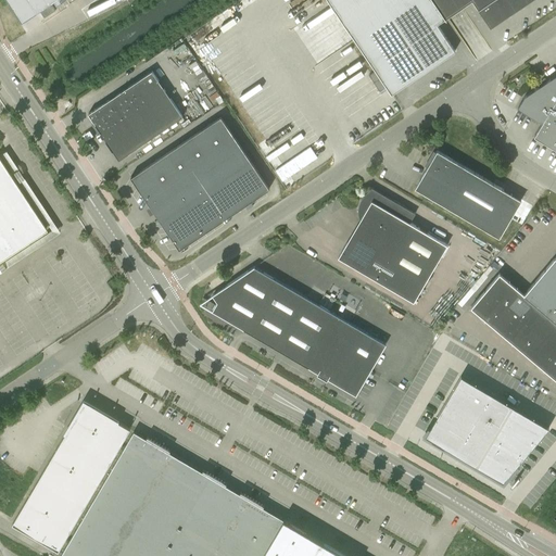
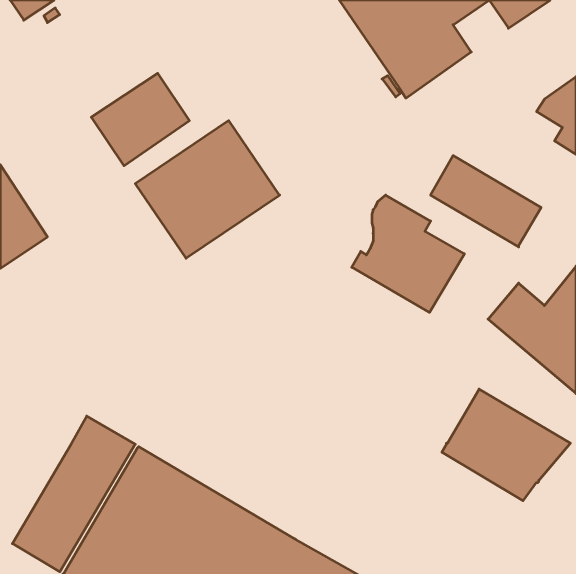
building: [212,268,386,397] -> none

